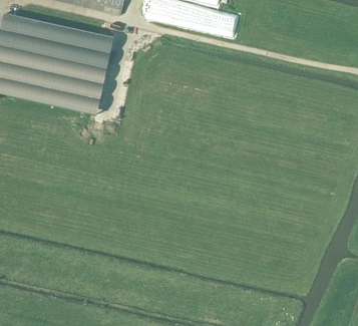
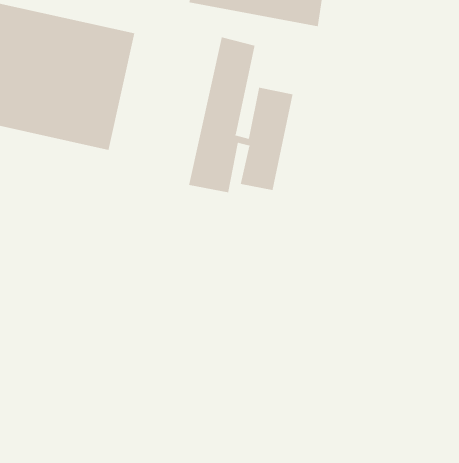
building: none -> [188,37,293,193]

